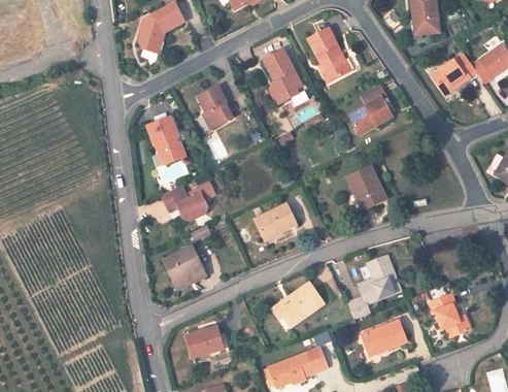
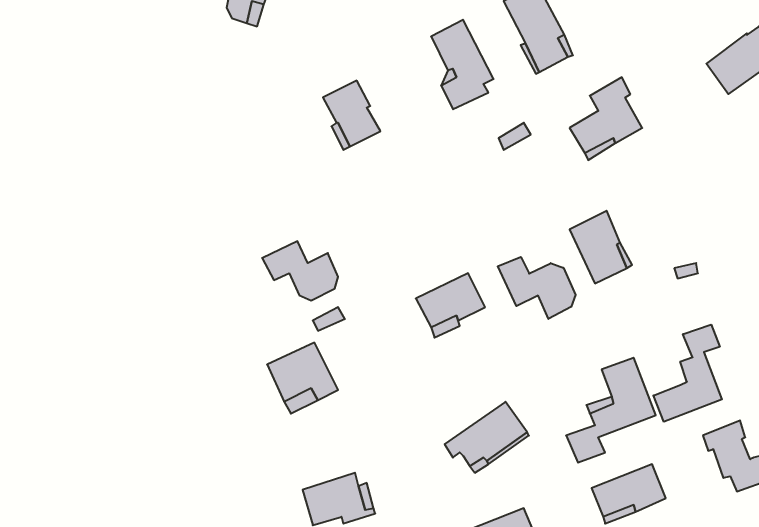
building: [147,117,185,163] -> none
building: none -> [498,257,576,319]
building: none -> [653,325,722,422]

